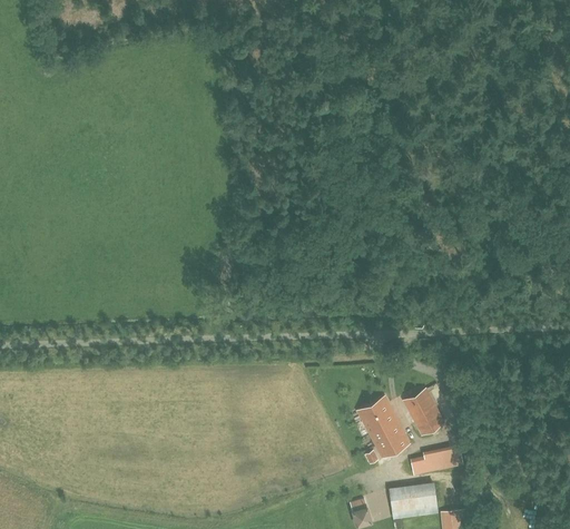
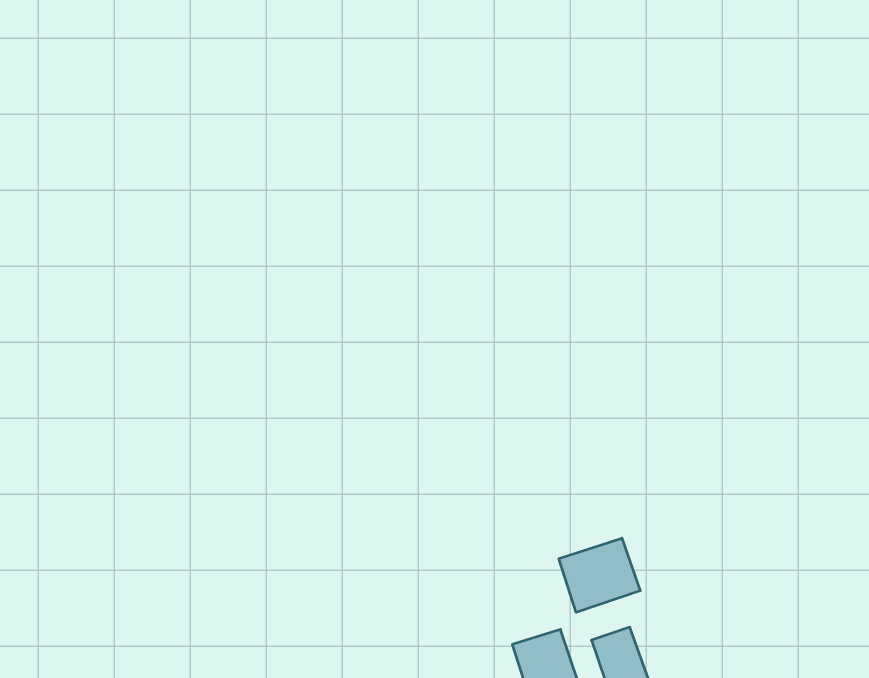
building: none -> [559,538,640,612]

